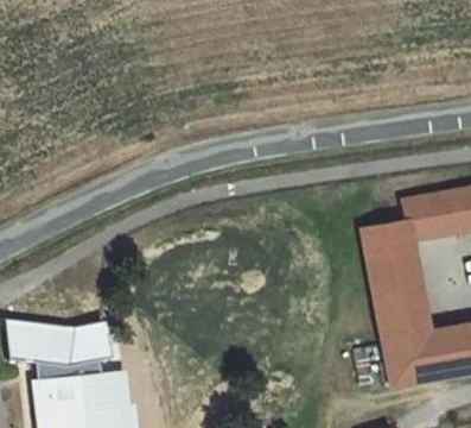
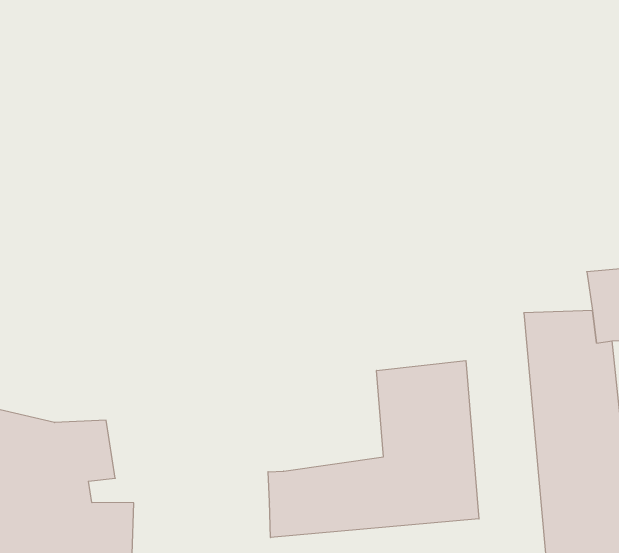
building: none -> [268,361,479,538]

